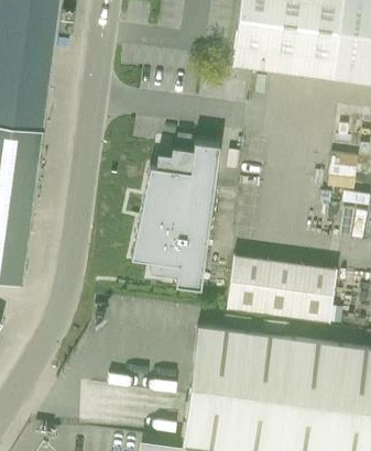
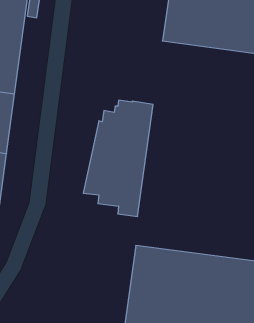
building: [223,255,334,319] -> none

